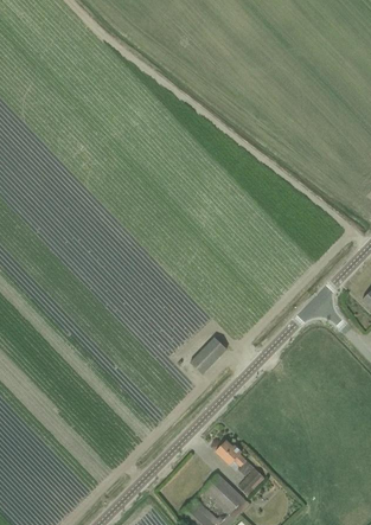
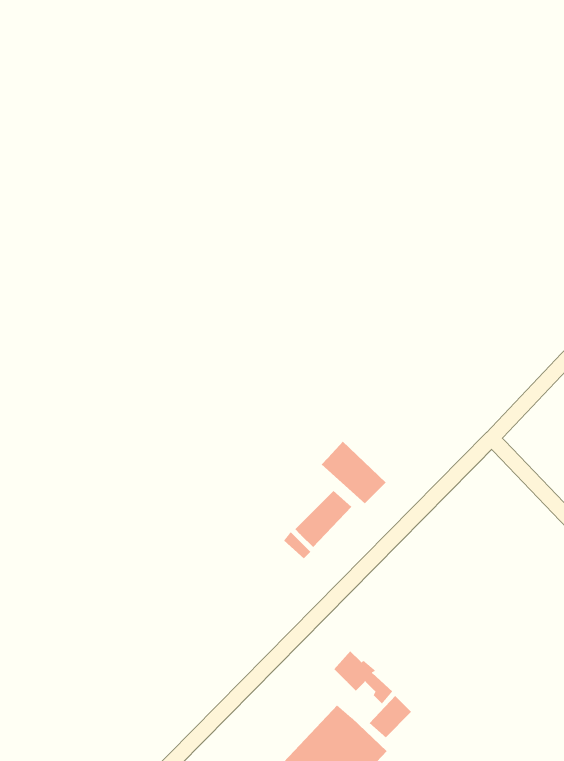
building: none -> [321,441,387,504]

